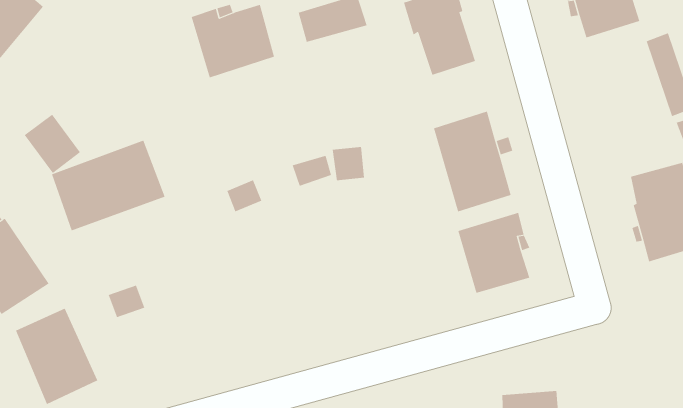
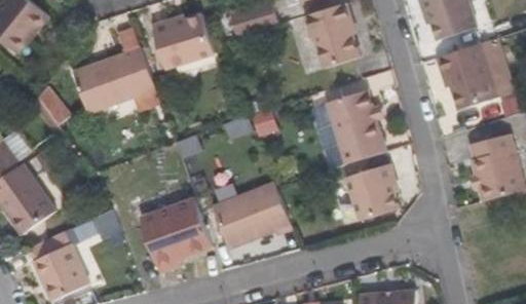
building: none -> [438,39,498,105]
building: [51,140,165,231] -> [72,46,154,112]
building: none -> [212,184,291,249]
building: none -> [138,197,212,273]

